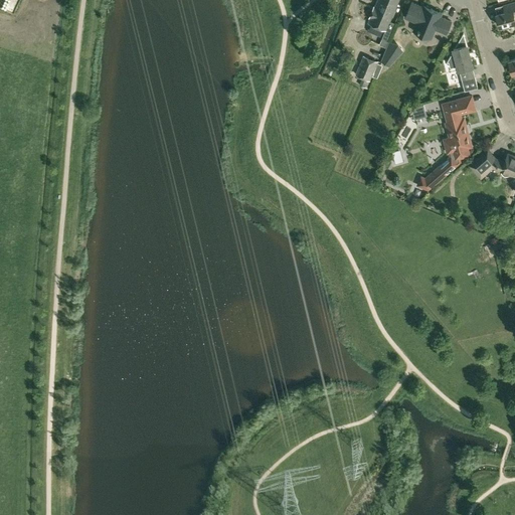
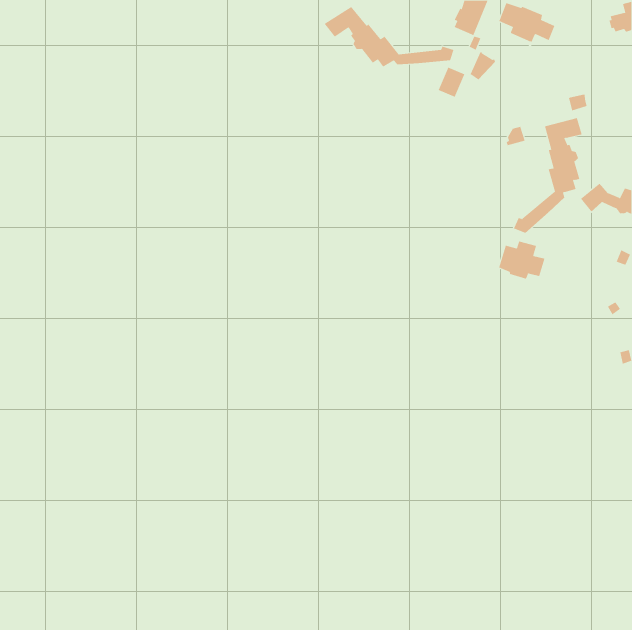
building: none -> [324,6,454,67]
building: [447,33,473,70] -> none
building: none -> [498,236,545,280]

